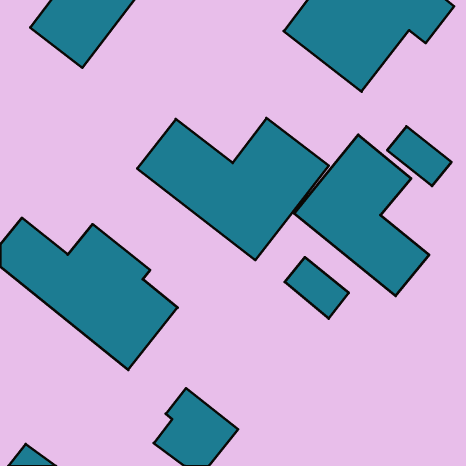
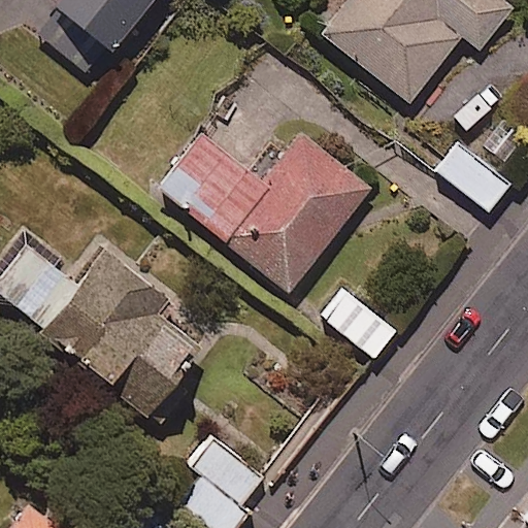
building: [294,135,429,296] -> none

